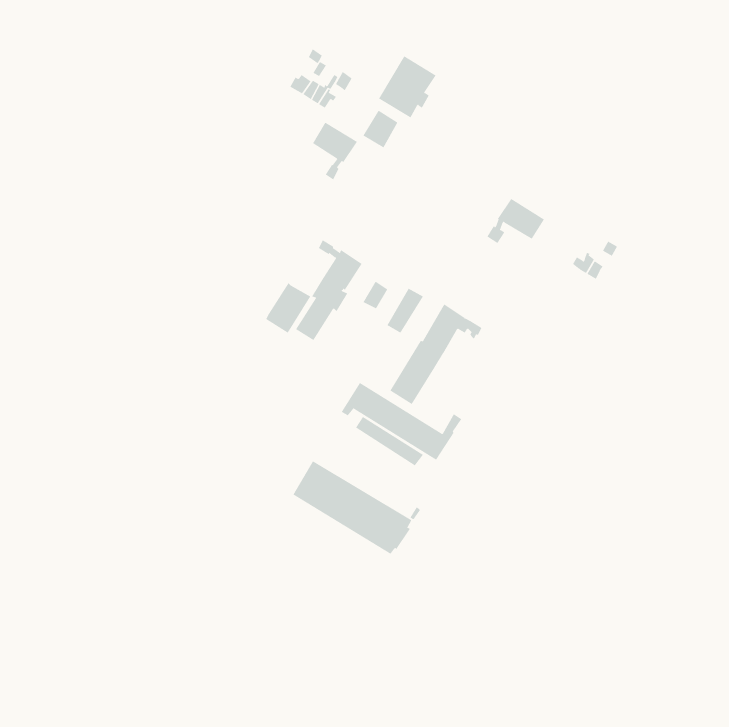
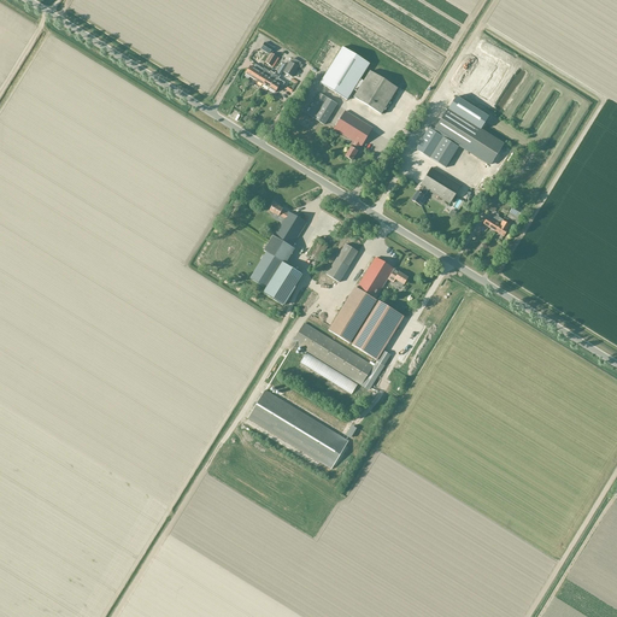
building: none -> [353,71,396,113]
building: none -> [416,96,503,168]
building: [312,122,358,180] -> [334,111,372,160]
building: [265,282,311,334] -> [263,262,301,305]
building: none -> [352,299,404,359]

